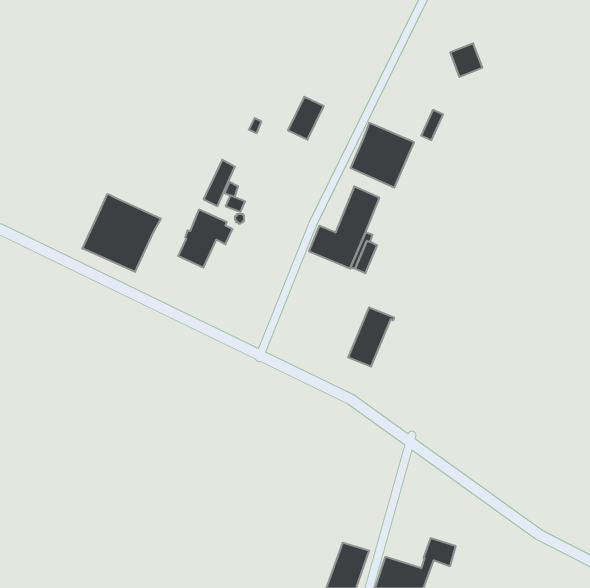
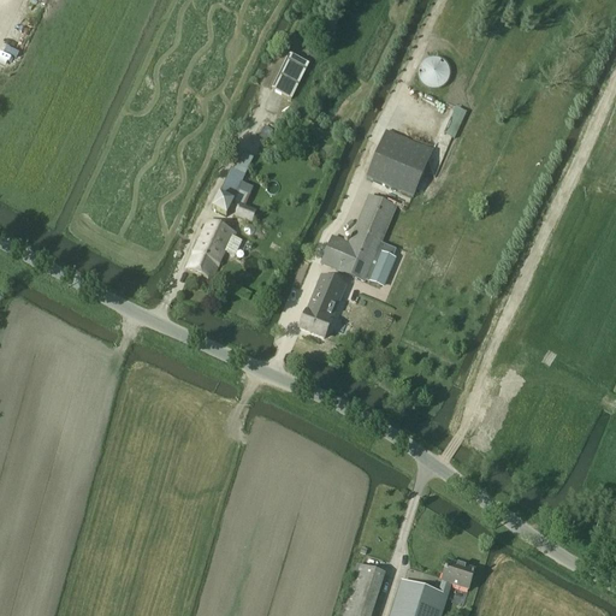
building: [450,43,482,77] -> [417,54,451,89]
building: [288,97,324,140] -> [272,53,309,97]
building: [82,194,161,272] -> none
building: [348,307,394,367] -> [301,274,349,336]

